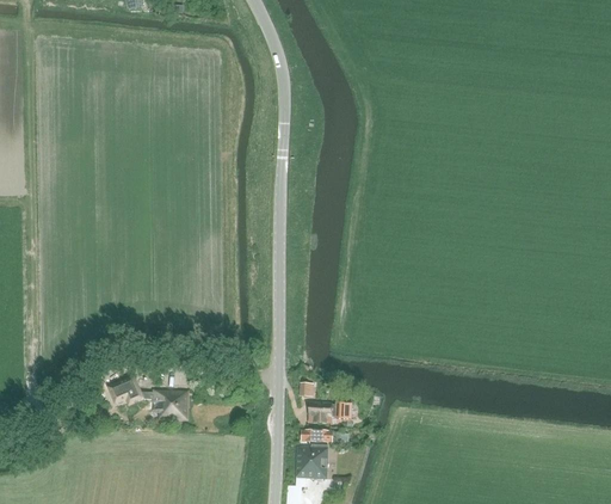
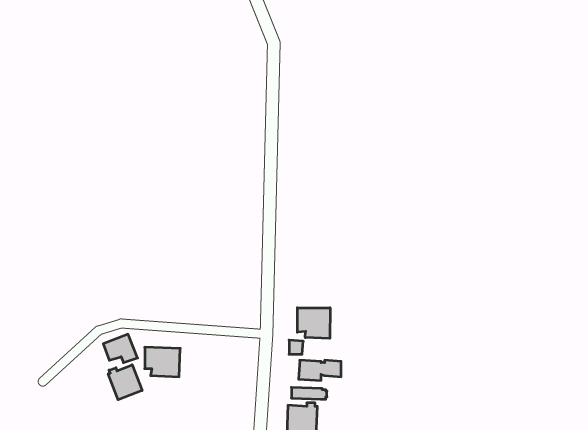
building: none -> [297,308,330,338]
building: none -> [108,365,142,400]

